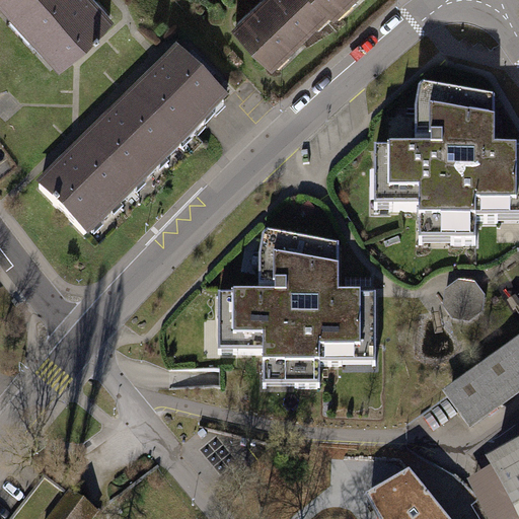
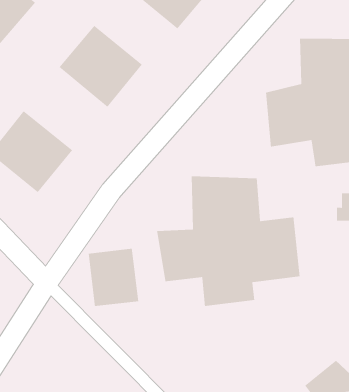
building: [82,87,181,187] -> none
building: none -> [88,248,139,307]

